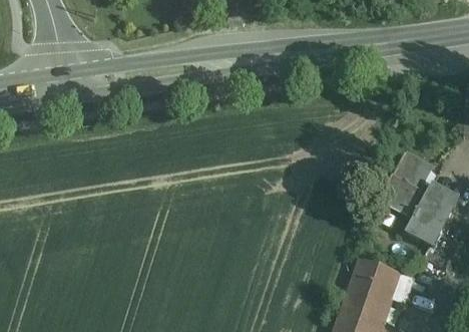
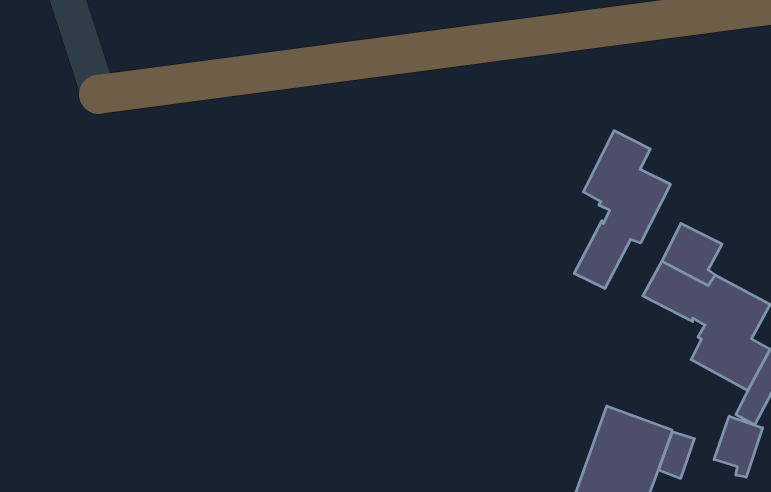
building: none -> [574,131,670,289]
building: none -> [714,416,763,477]

